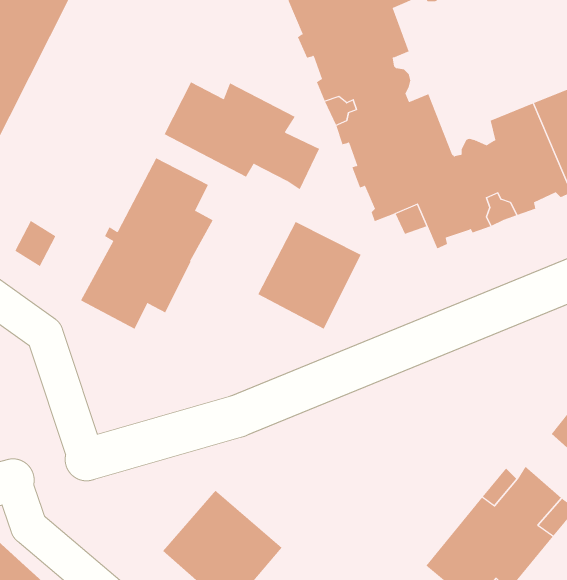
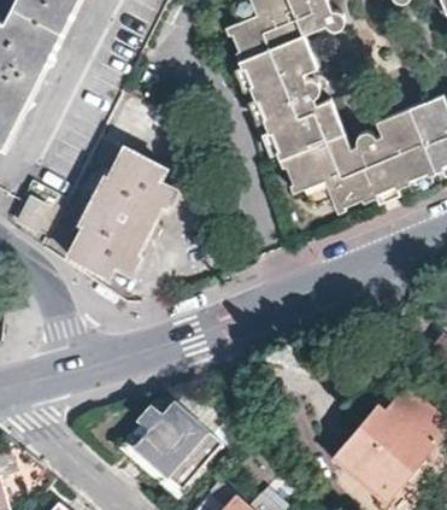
building: [164,81,320,190] -> none
building: [257,221,361,330] -> none

